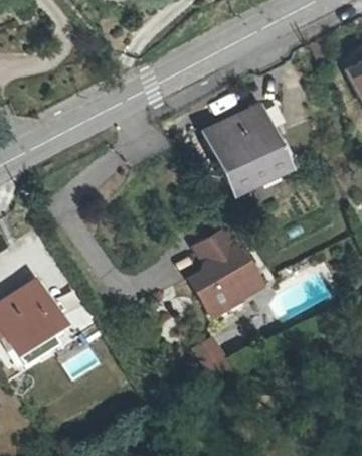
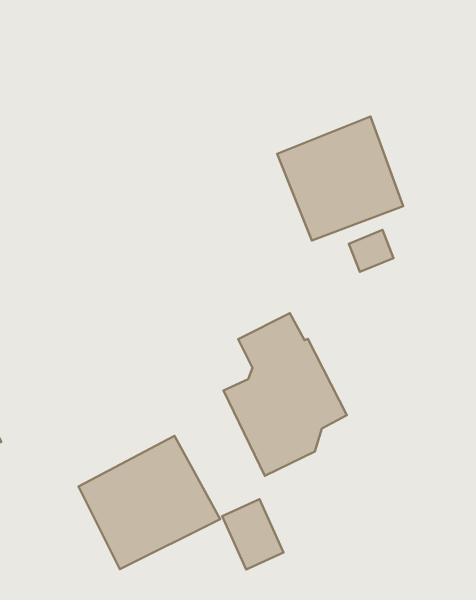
building: none -> [79,436,220,569]

